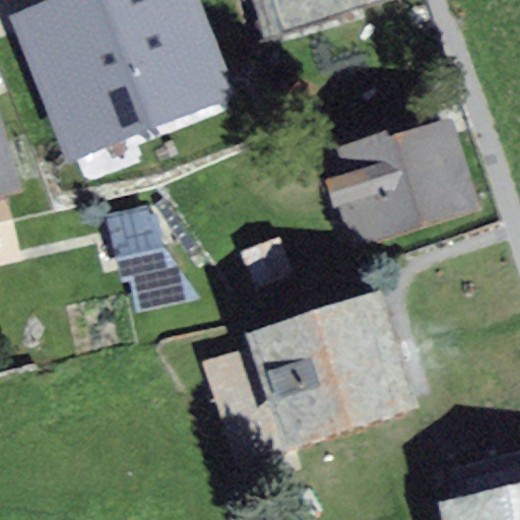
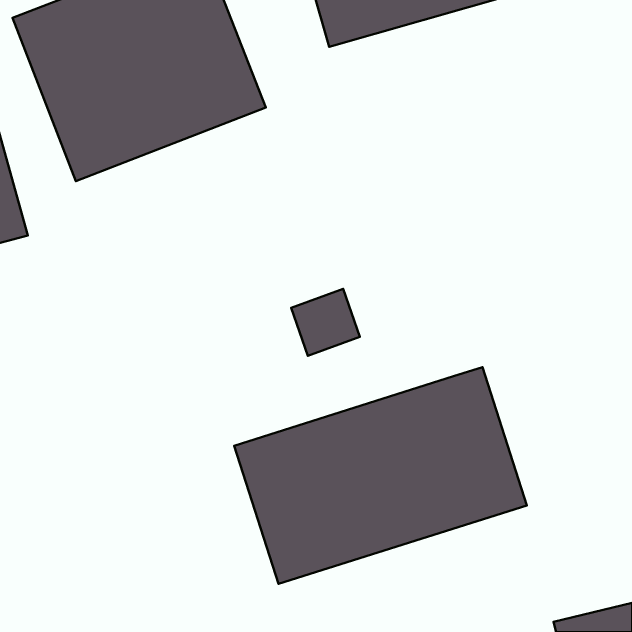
building: [329,118,479,242] -> none
building: [103,201,197,310] -> none

